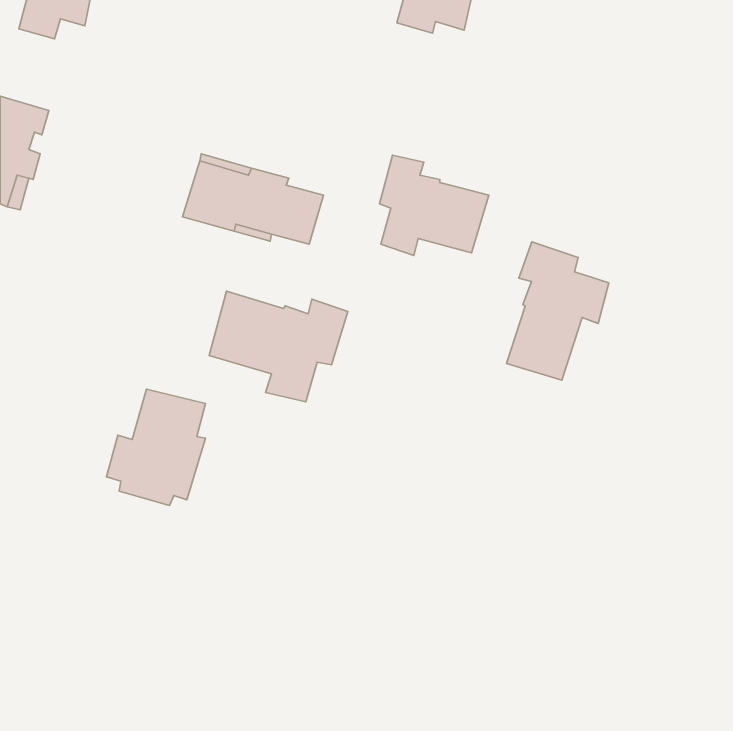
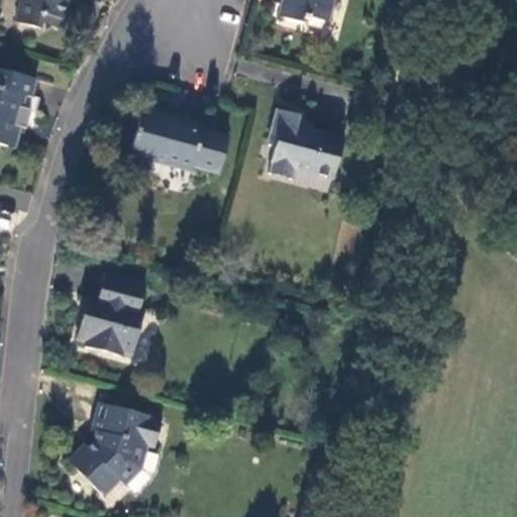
building: [506,242,609,380] -> none
building: [209,291,348,402] -> none
building: none -> [67,404,161,497]

